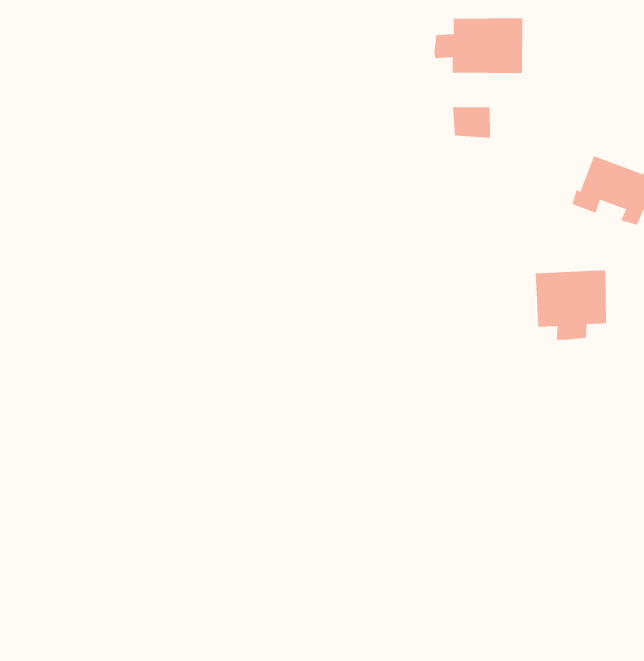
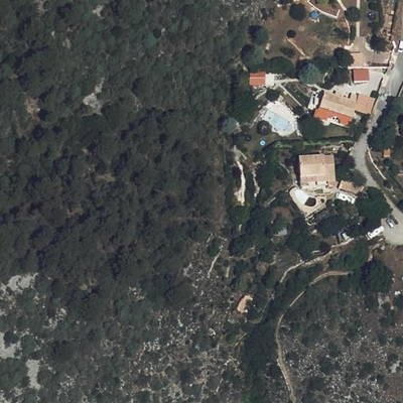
building: [434,17,523,74] -> none

